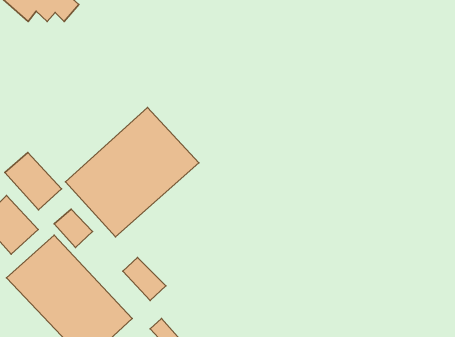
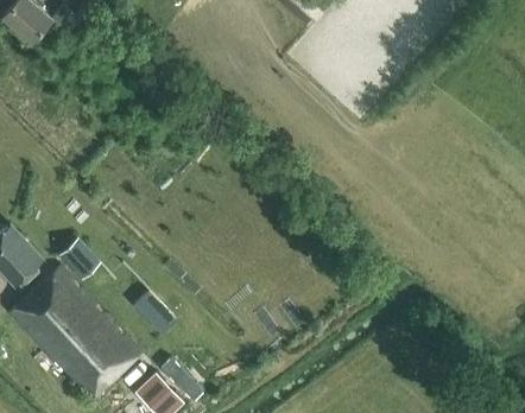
building: [65,107,199,237] -> none
building: [5,153,62,210] -> none

